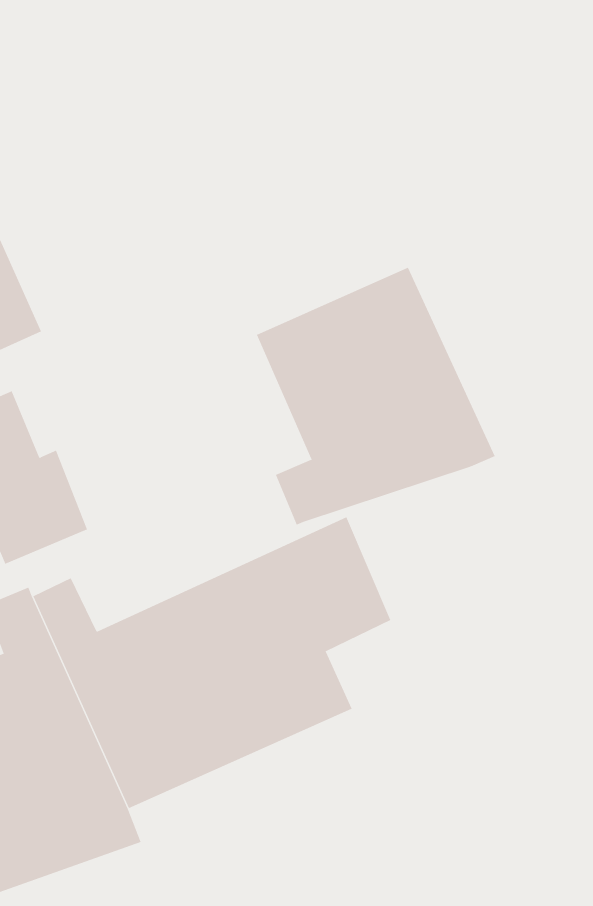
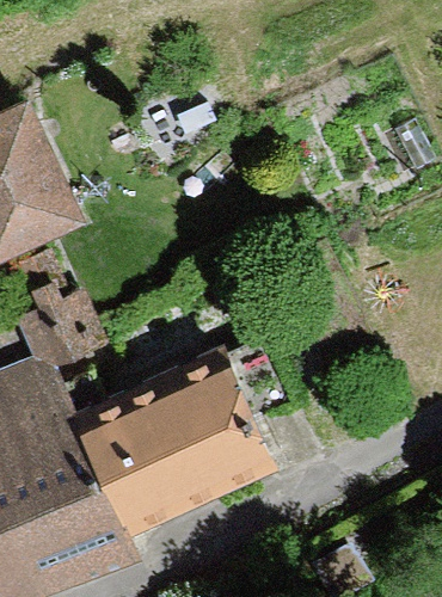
building: [256,267,496,525] -> none

